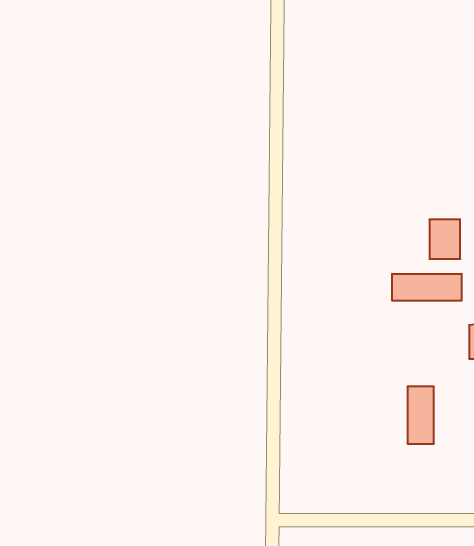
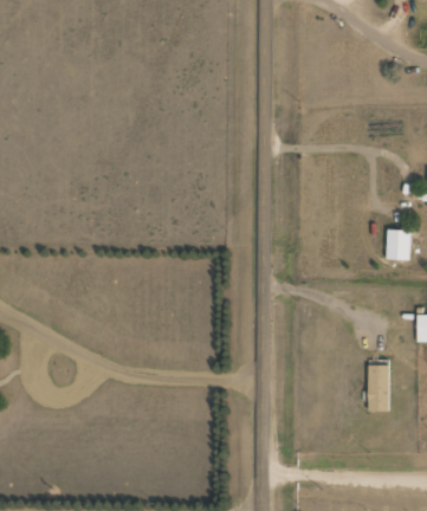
building: [392,274,462,301] -> none

